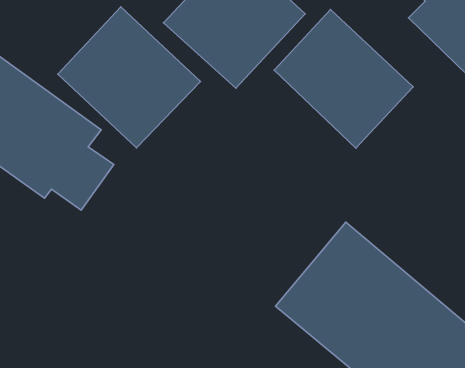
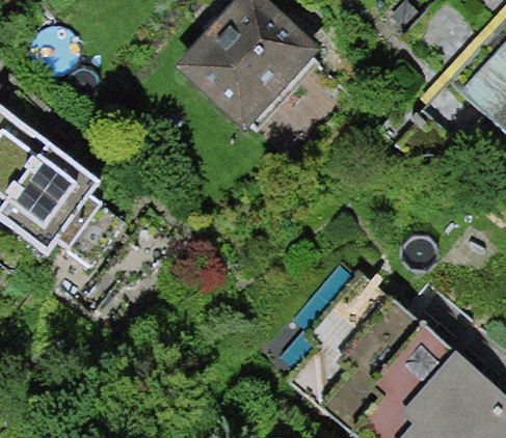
building: [58,7,201,148] -> none
building: [274,10,413,148] -> none

